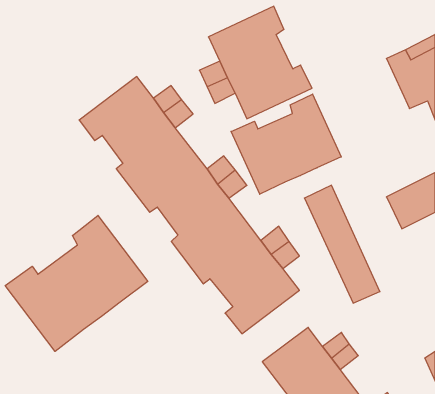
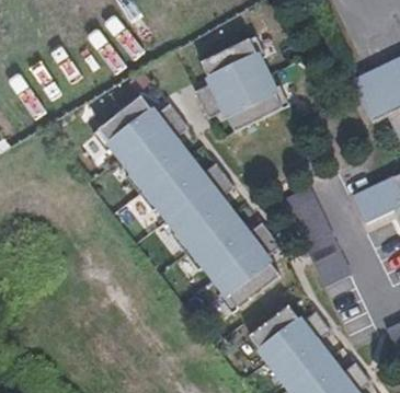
building: [231,94,341,194] -> none
building: [5,215,148,351] -> none

